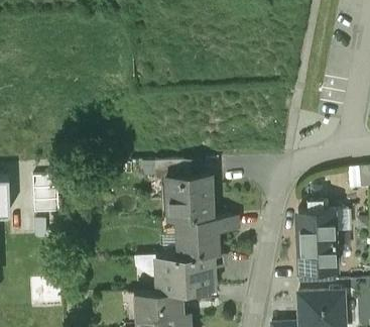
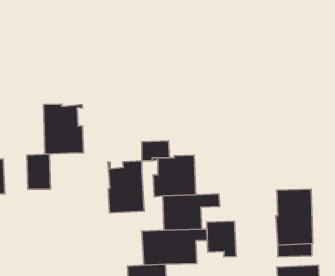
building: none -> [43,104,83,154]
building: none -> [108,161,144,213]
building: none -> [207,221,236,257]

